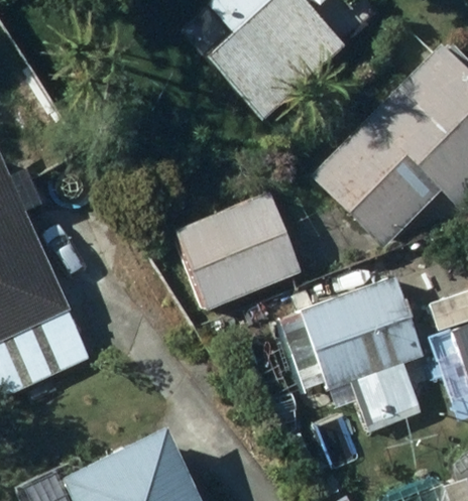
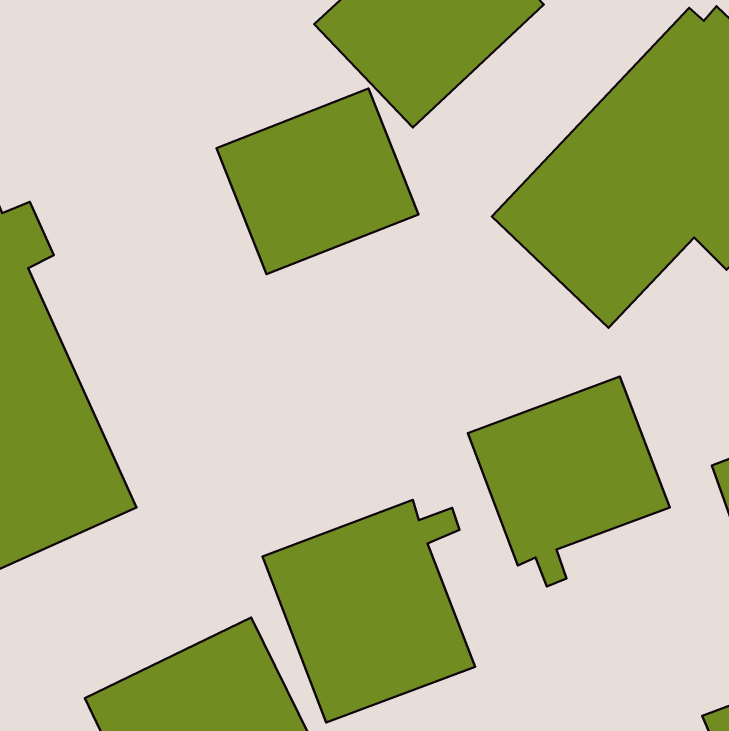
building: [173,195,300,310] -> [216,88,419,274]
building: none -> [263,500,475,722]

